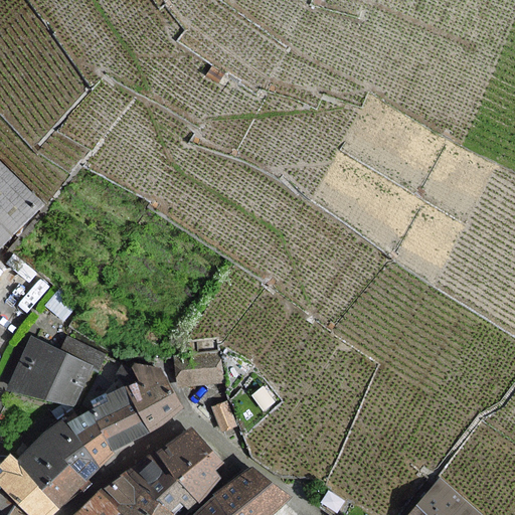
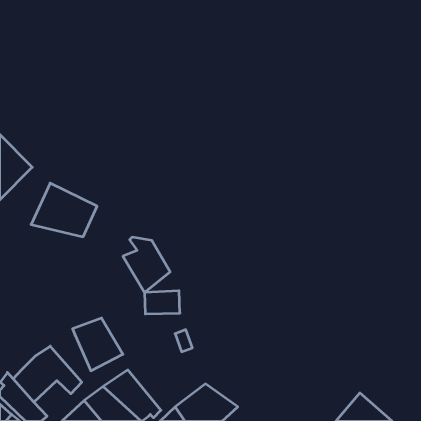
building: [9,339,90,404] -> [31,183,97,237]
building: [124,365,181,433] -> [123,237,170,292]
building: [63,409,111,467] -> none
building: [156,428,220,501] -> none
building: [41,465,87,508] -> none

